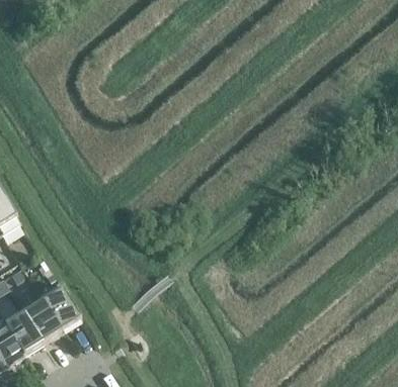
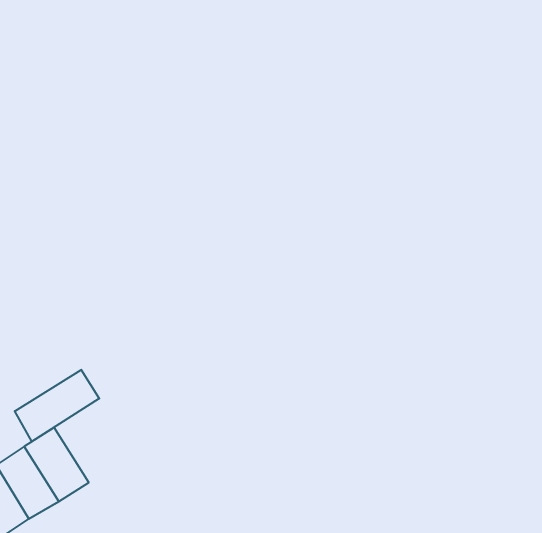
building: none -> [15,370,99,441]

